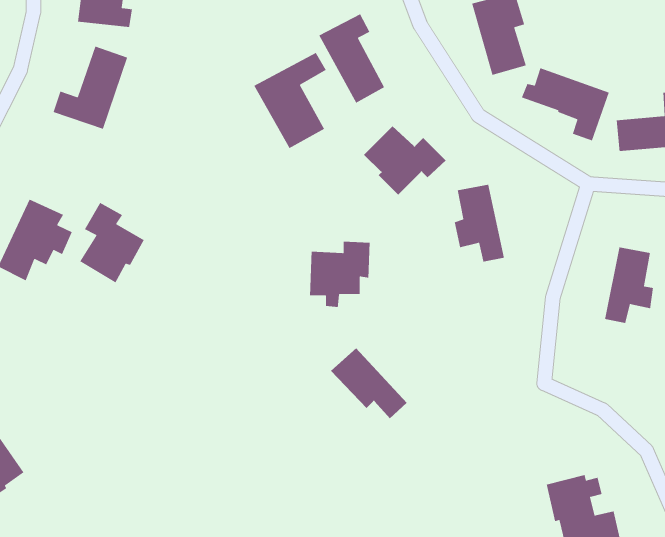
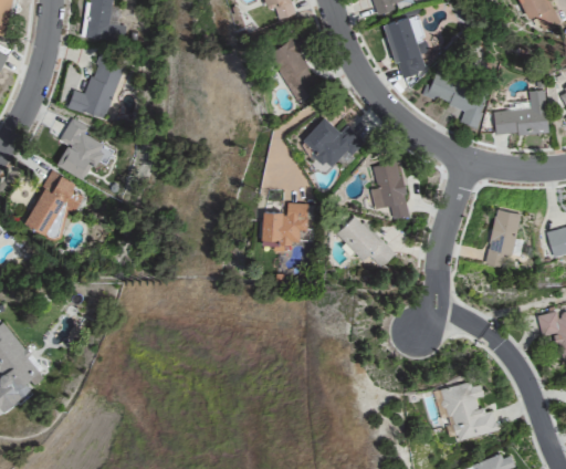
building: [253,52,327,149] -> none
building: [79,202,145,283] -> [55,118,105,180]
building: [330,348,407,419] -> [335,213,394,268]

